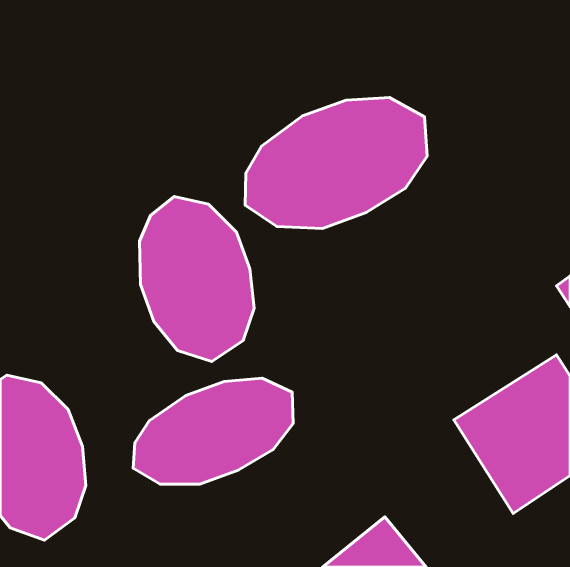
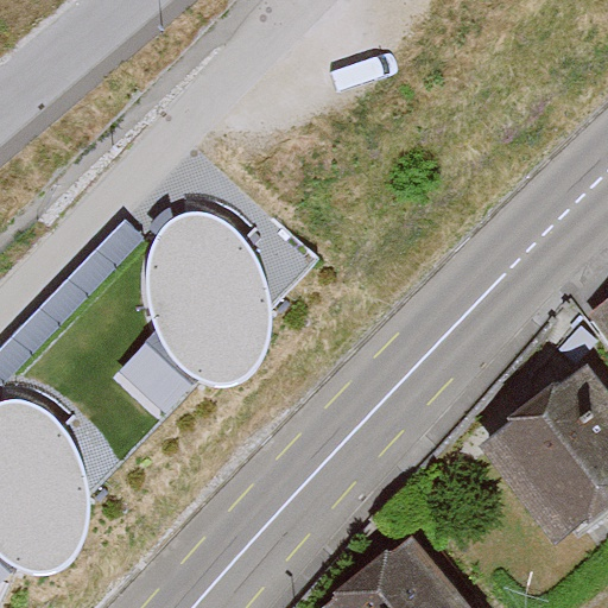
building: [245,98,427,228] -> none
building: [133,378,293,484] -> none

